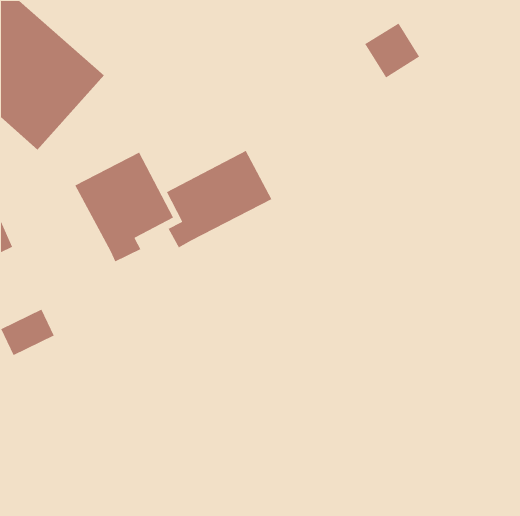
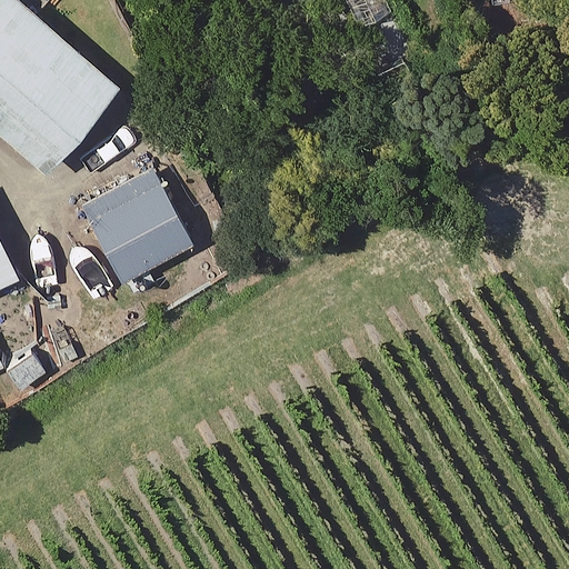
building: [166,150,273,248] -> none

